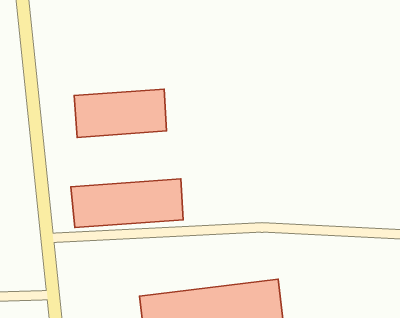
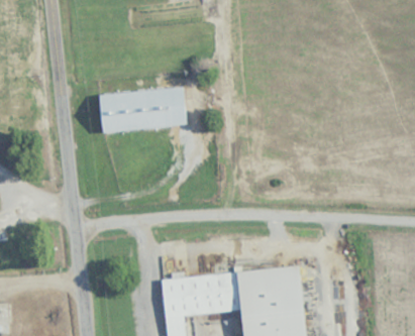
building: [71,179,183,227] -> none

